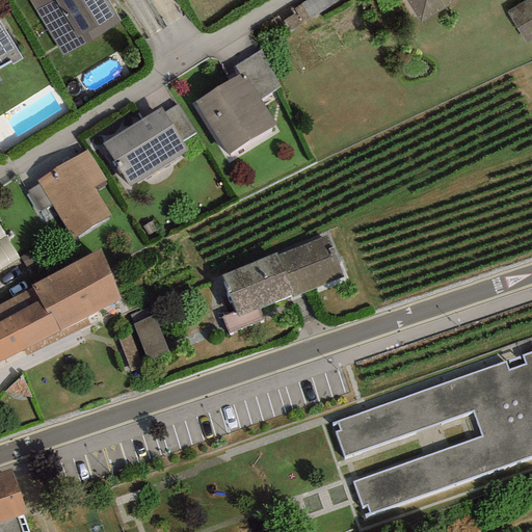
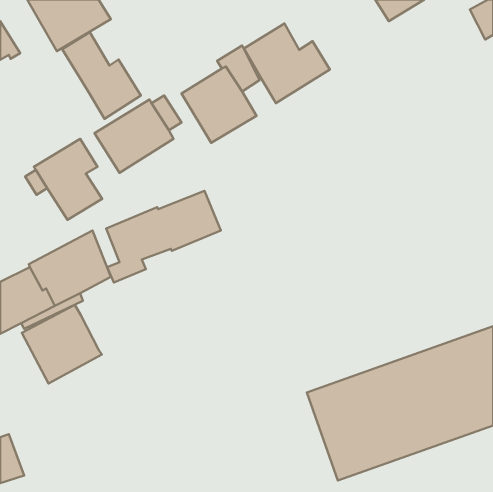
building: none -> [244,23,330,103]
building: none -> [62,32,141,119]
building: [220,234,344,332] -> [106,191,221,283]
building: [134,317,170,363] -> none
building: none -> [22,305,102,383]

